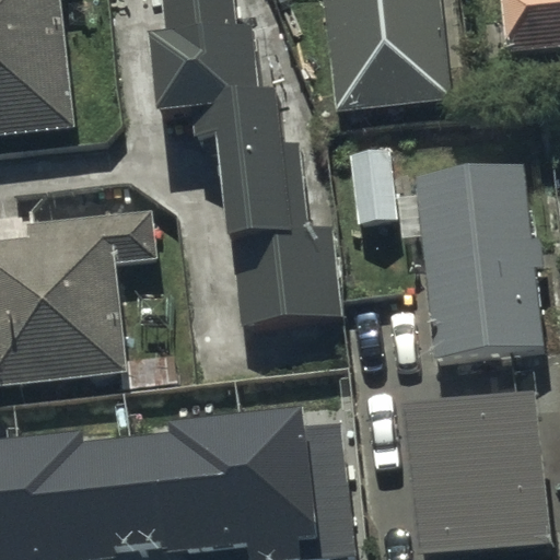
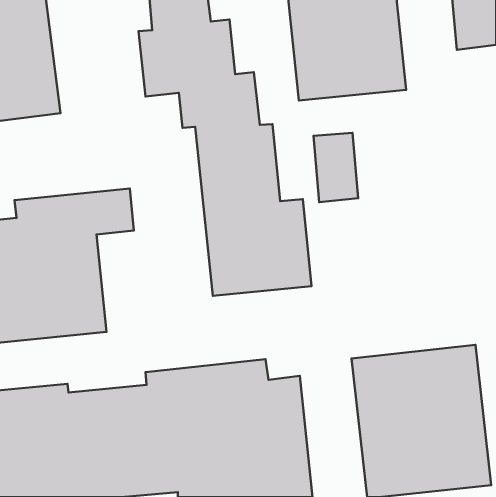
building: [417,165,547,363] -> none

